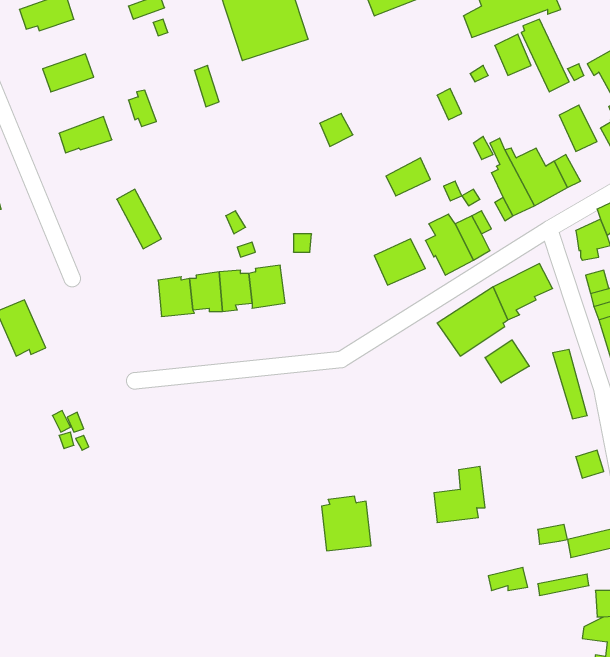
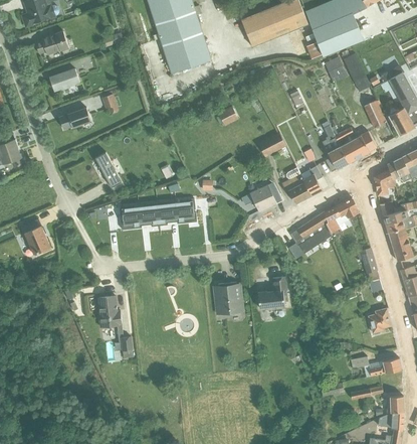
building: [485,340,529,383] -> none
building: none -> [98,296,133,358]
building: [434,466,485,523] -> [257,276,288,310]
building: [322,496,371,551] -> [214,282,244,315]

